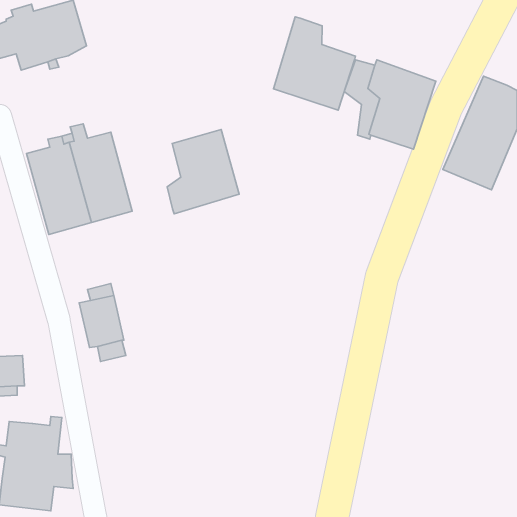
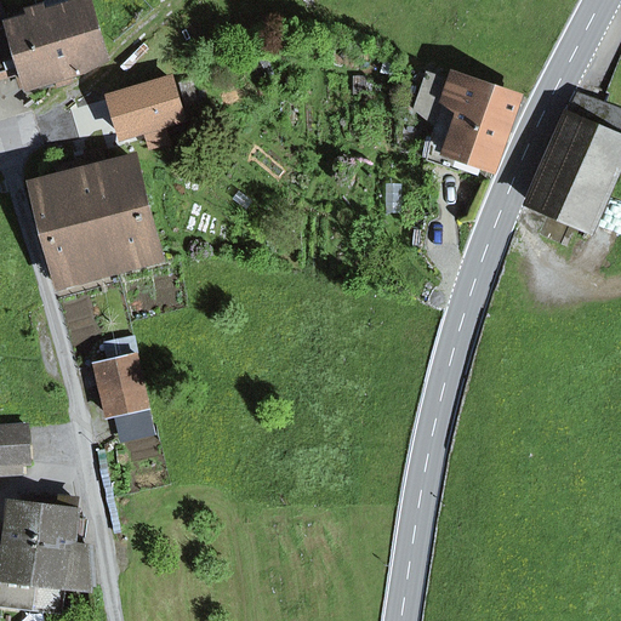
building: [273,17,355,110] -> none
building: none -> [114,78,182,146]
building: [167,130,239,214] -> none

